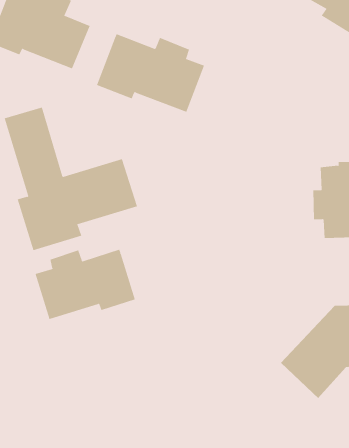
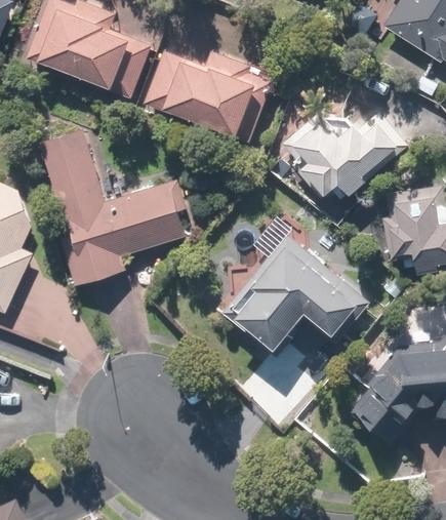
building: none -> [290,114,403,202]
building: none -> [224,234,366,357]
building: [35,249,135,320] -> none

